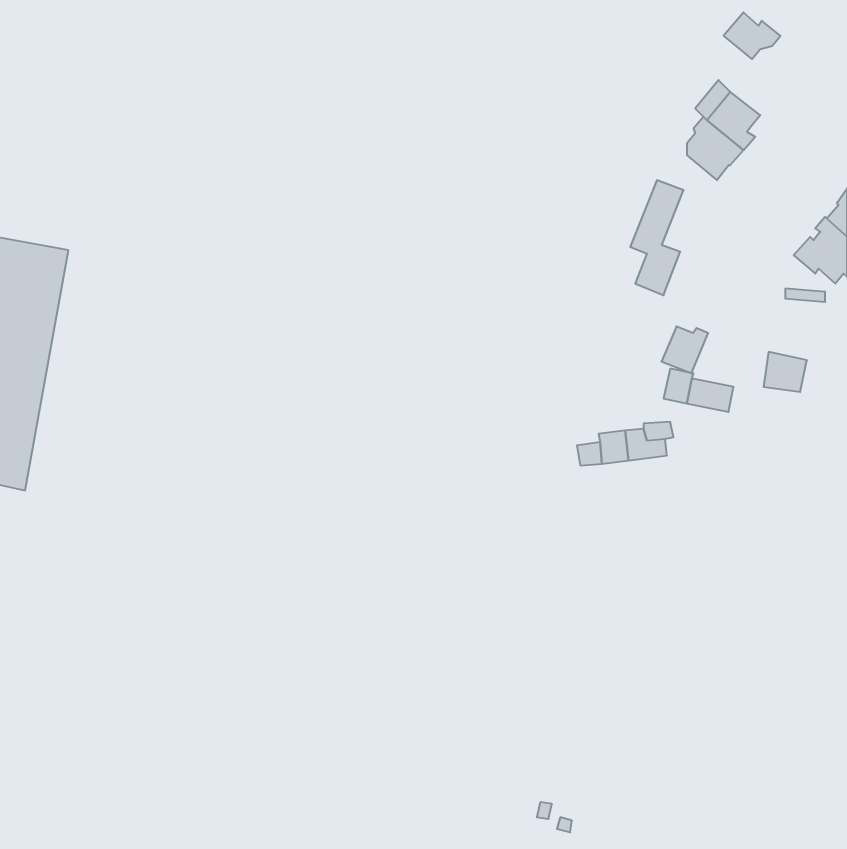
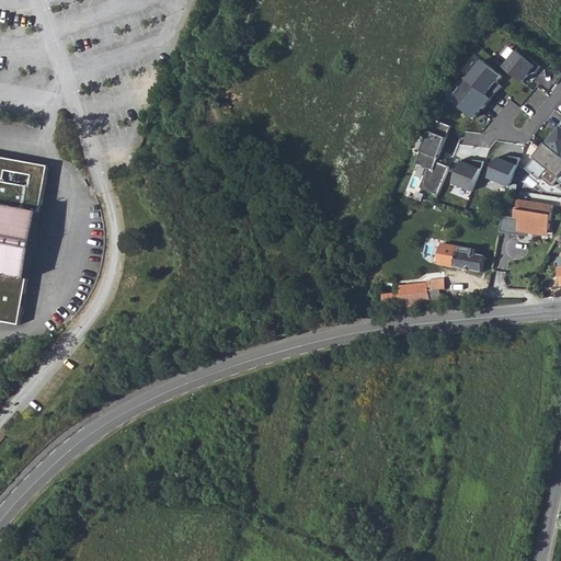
building: [724,12,780,59] -> [502,51,539,82]
building: none -> [483,156,515,184]
building: none -> [508,198,547,233]
building: [661,326,708,373] -> [449,160,480,191]

